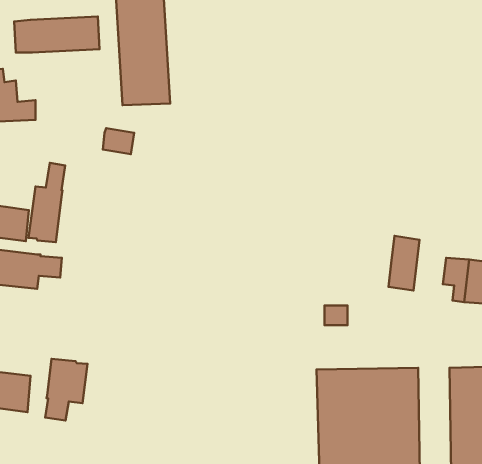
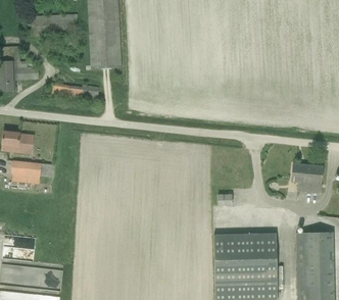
building: [29,163,65,242] -> none
building: [389,236,419,291] -> none
building: [45,359,87,420] -> none

